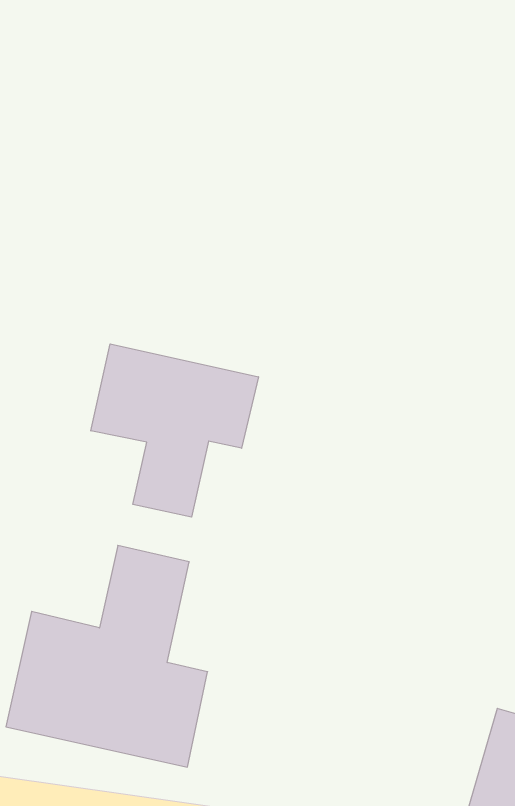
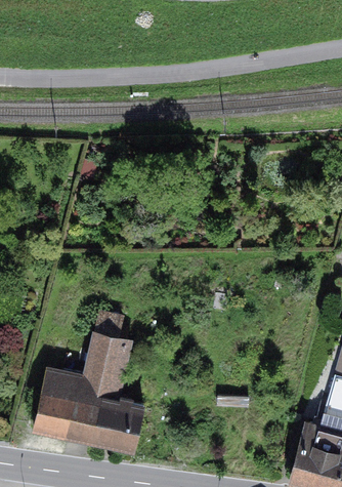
building: [91,344,258,517] -> none

